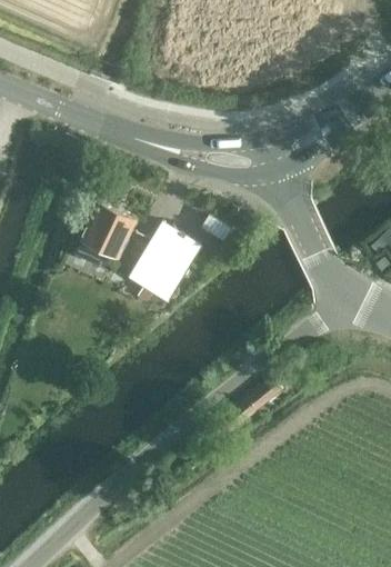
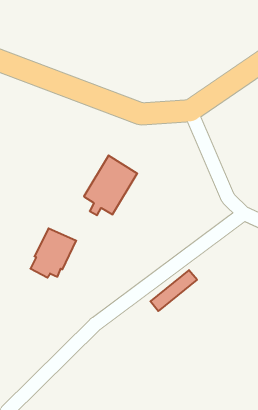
building: [74,200,137,267] -> [30,228,76,278]

